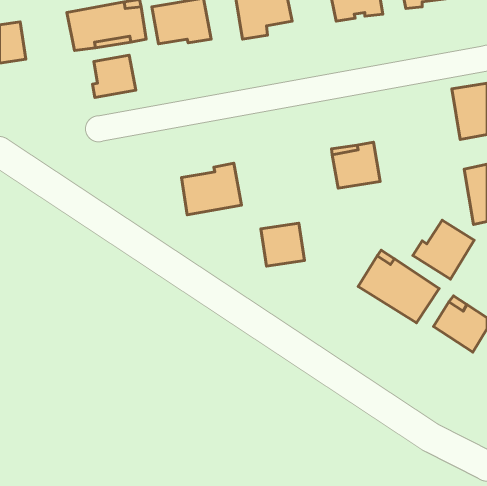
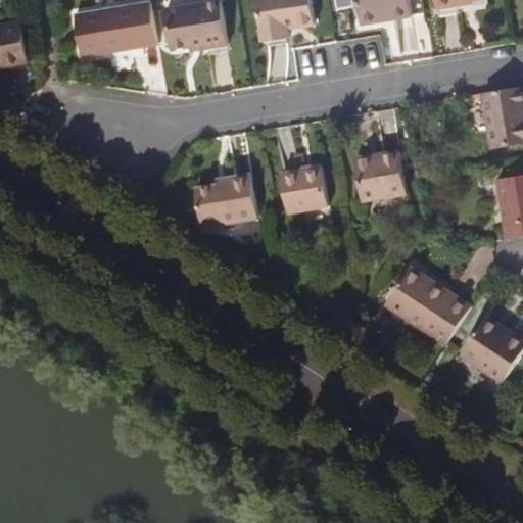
building: [92,55,136,98] -> none
building: [413,220,474,279] -> none
building: [261,223,305,266] -> [282,169,329,215]

